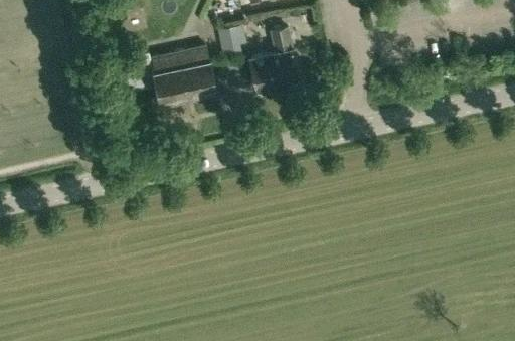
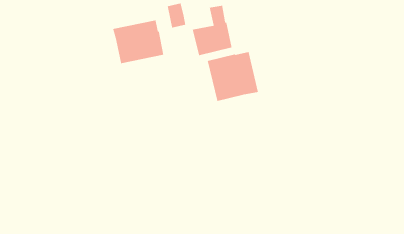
building: none -> [207,51,259,102]

